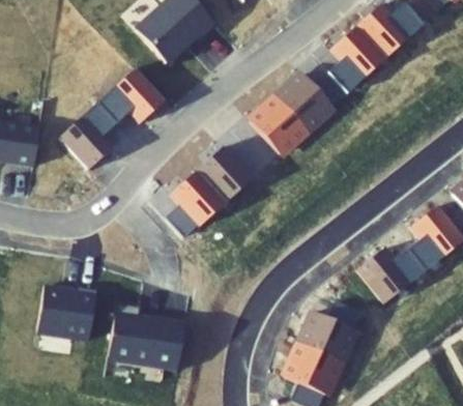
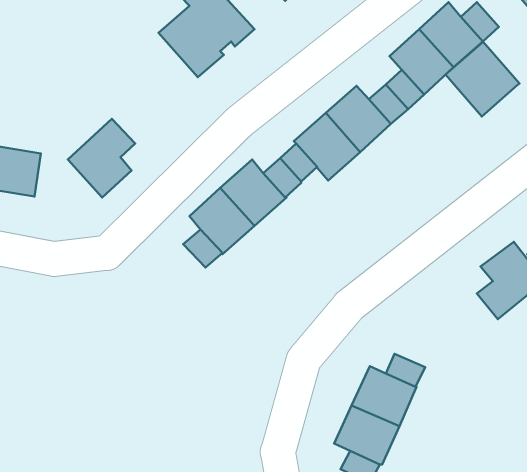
building: none -> [446,42,519,116]
building: [97,67,166,123] -> none
building: [354,249,423,303] -> none
building: [37,286,96,342] -> none
building: [108,306,184,371] -> none

